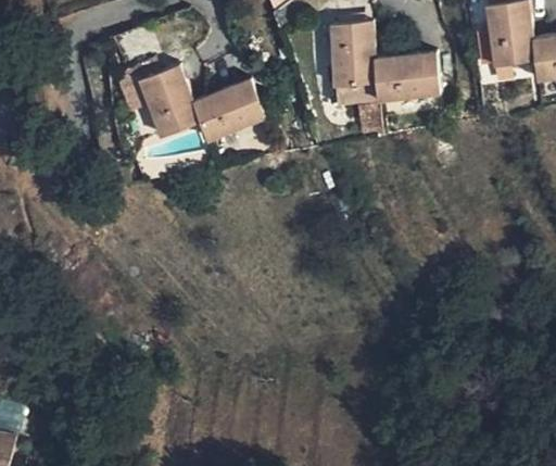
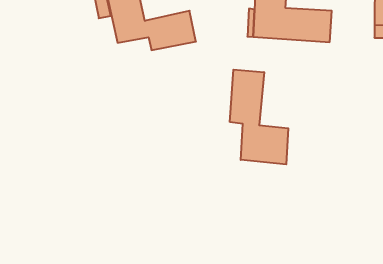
building: none -> [230,70,288,164]

